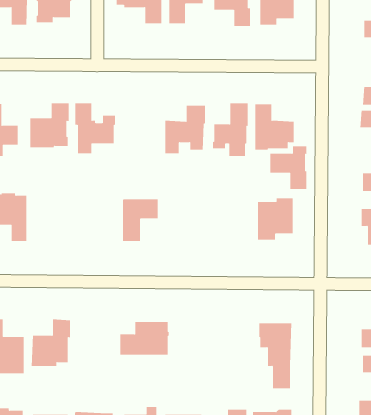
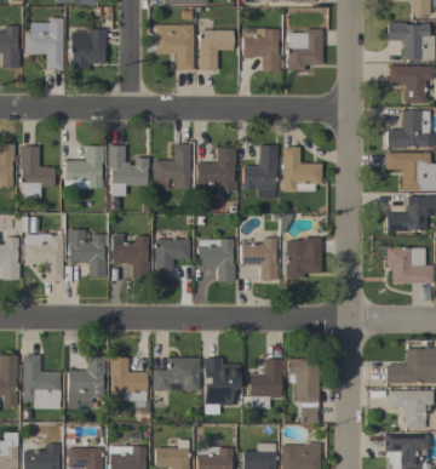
building: none -> [154,144,191,189]
building: [270,146,307,189] -> [241,238,277,280]
building: none -> [68,229,108,276]
building: none -> [113,236,150,276]
building: none -> [195,239,235,281]
building: none -> [109,358,147,400]
building: none -> [203,358,240,405]
building: none -> [249,359,281,408]

